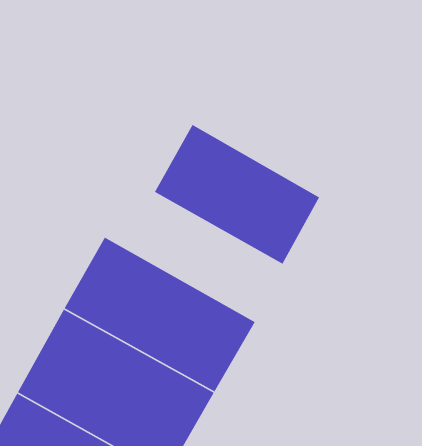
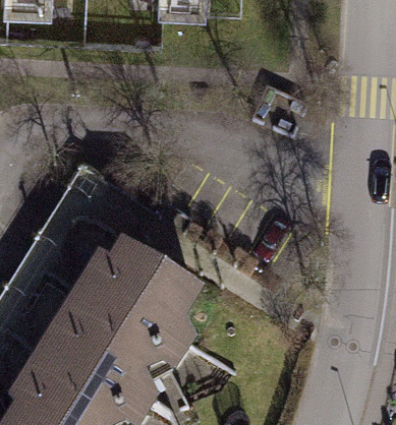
building: [154,124,320,265] -> none

